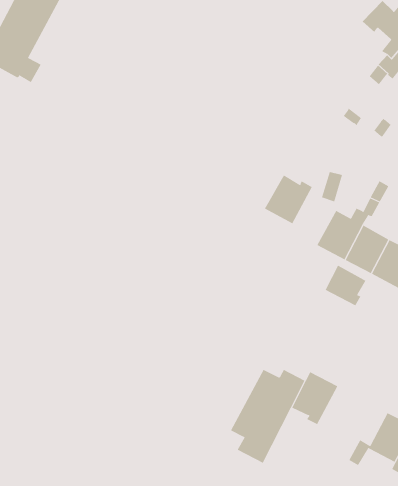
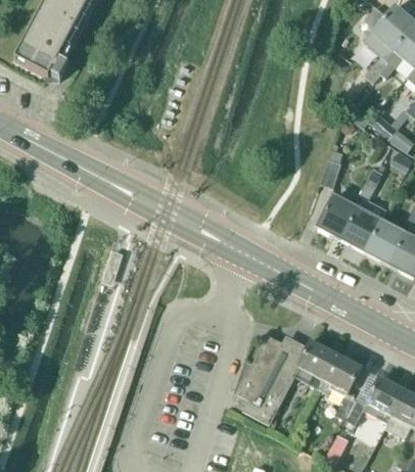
building: [264,174,313,224] -> none
building: [325,265,366,306] -> none
building: none -> [319,352,363,419]

